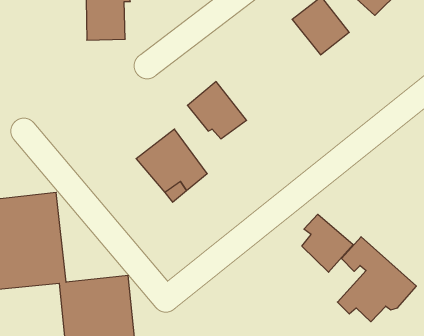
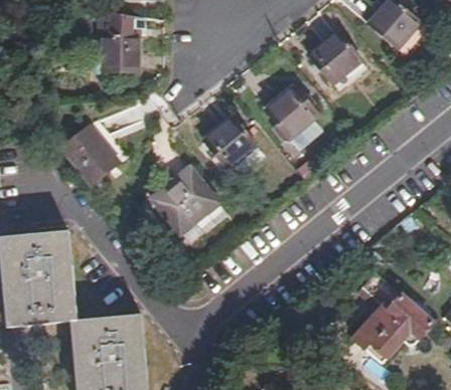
building: none -> [264,84,319,148]
building: none -> [55,121,117,183]
building: [302,214,353,272] -> none

